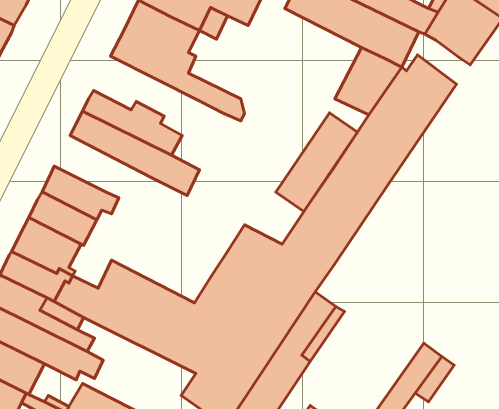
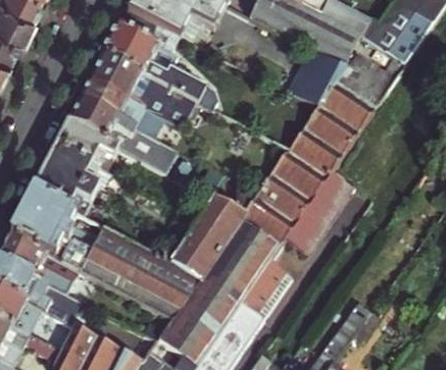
building: none -> [87,54,196,130]
building: [276,113,357,212] -> [289,161,357,244]
building: none -> [54,120,135,167]

